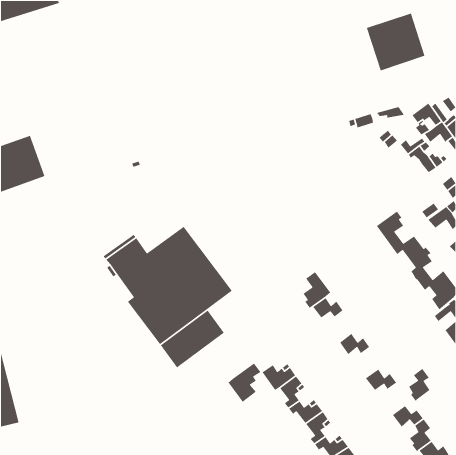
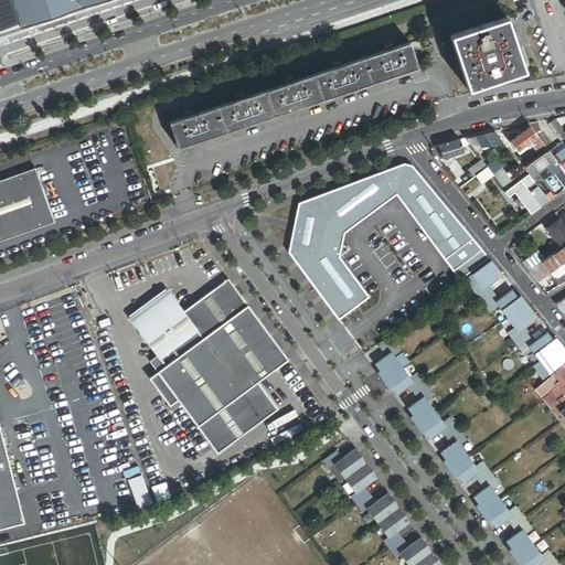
building: none -> [171,39,426,146]
building: none -> [290,164,484,320]
building: none -> [407,385,435,427]
building: none -> [440,430,468,471]
building: [228,362,261,403] -> none
building: [408,368,431,402] -> [473,475,501,516]

